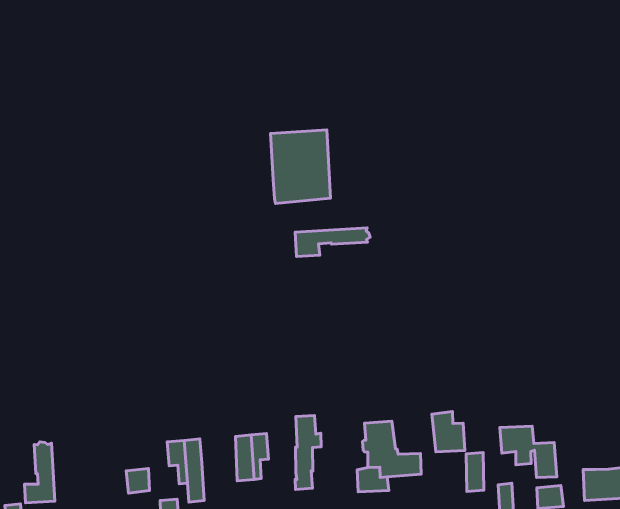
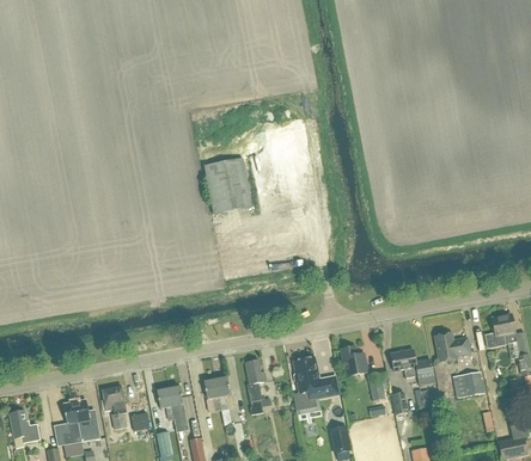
building: [295,228,370,256] -> none
building: none -> [435,333,470,361]
building: none -> [103,387,127,429]
building: none -> [75,399,100,442]

